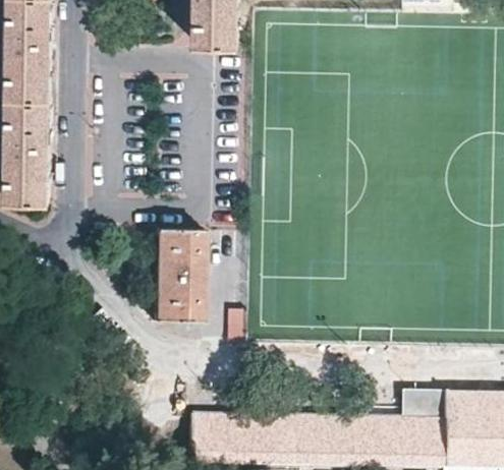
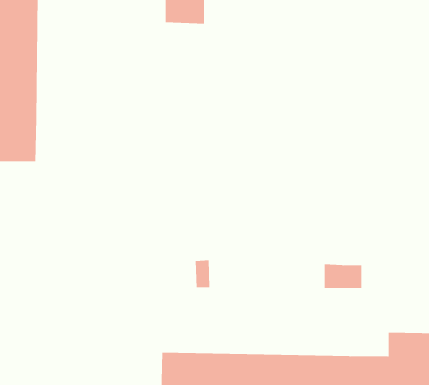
building: [153,228,203,320] -> none
building: [400,388,443,415] -> [324,264,362,288]

